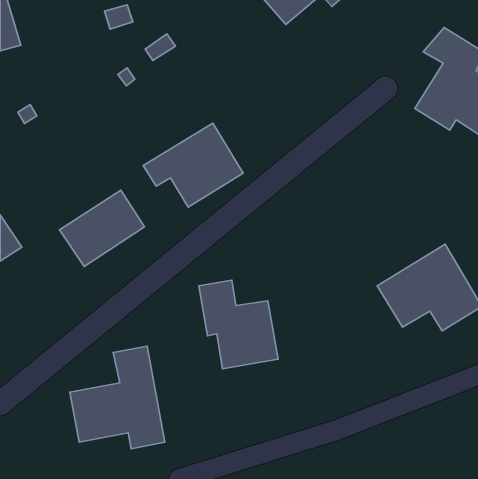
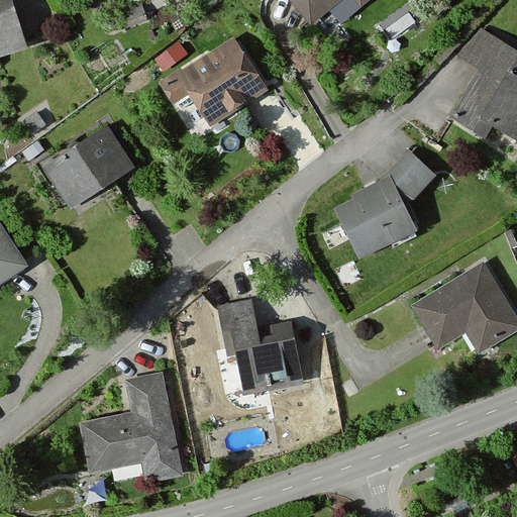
building: [143,123,243,207] -> [159,37,266,127]
building: none -> [334,150,434,260]
building: [59,190,144,267] -> [43,126,134,208]

